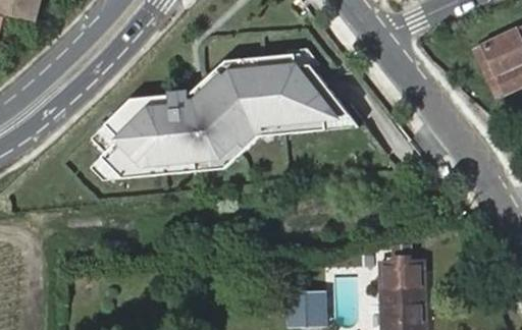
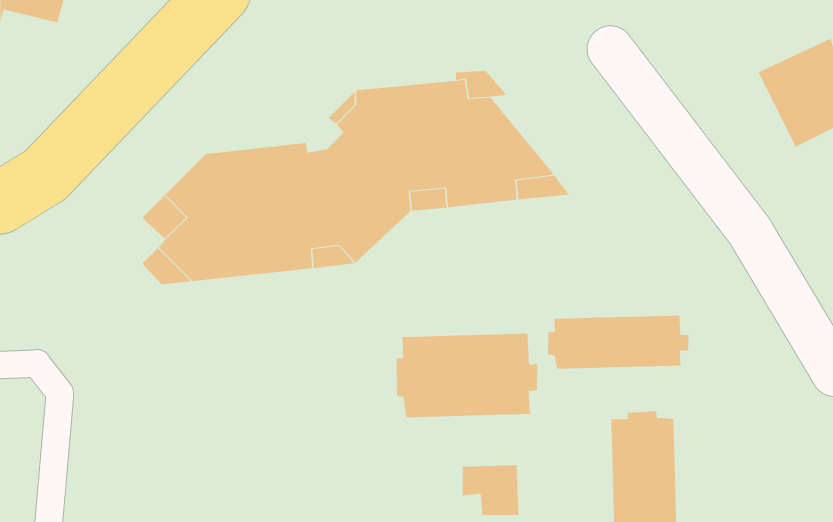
building: none -> [548,315,689,369]
building: none -> [396,333,538,418]

